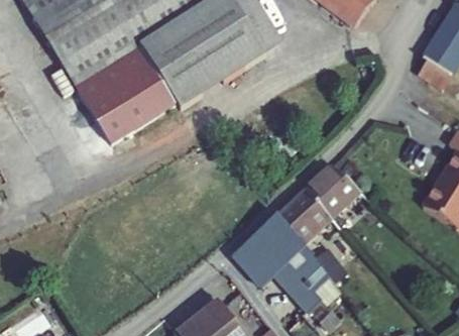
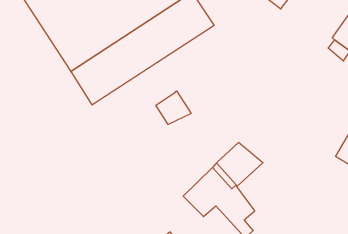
building: none -> [156,91,191,124]
building: [304,164,359,215] -> none

